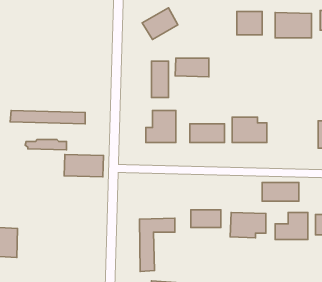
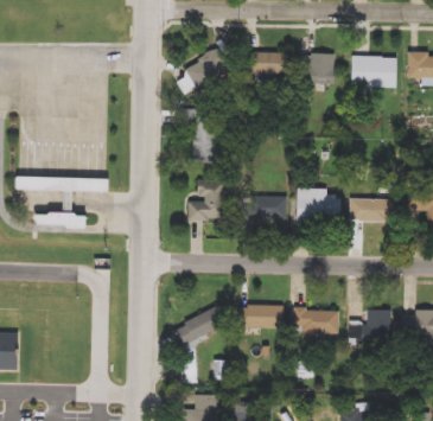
building: [175,58,209,77] -> [243,52,286,76]
building: [64,155,103,177] -> none
building: [262,182,299,201] -> [349,199,395,223]

